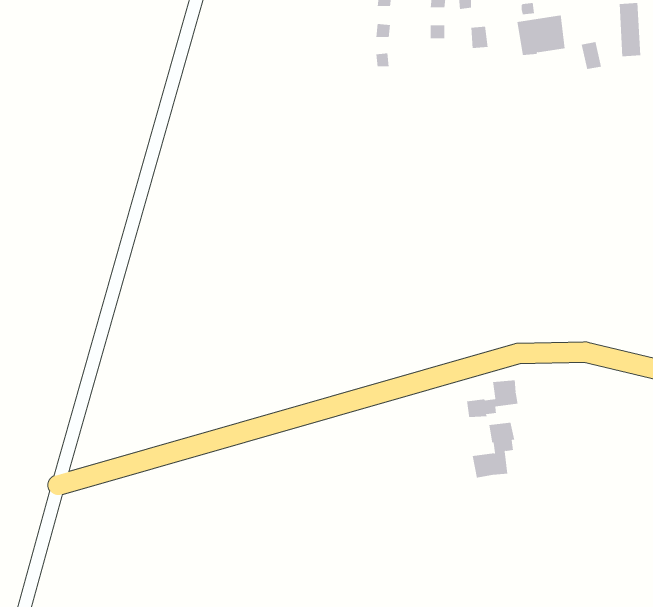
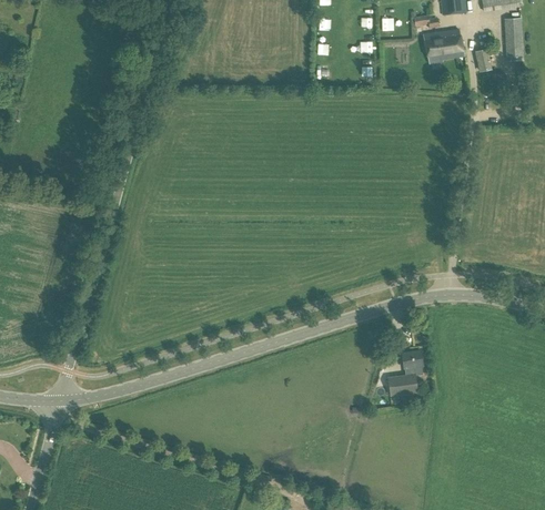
building: [467,379,518,418] -> none

